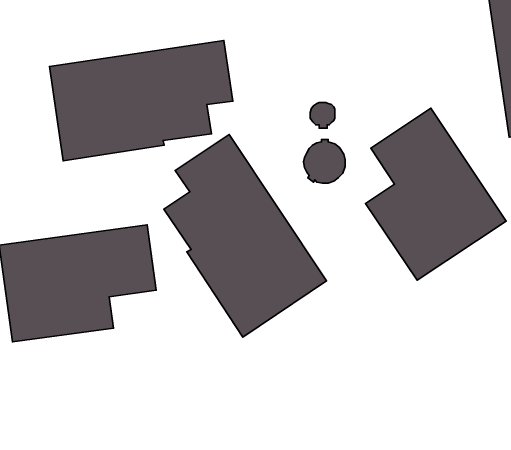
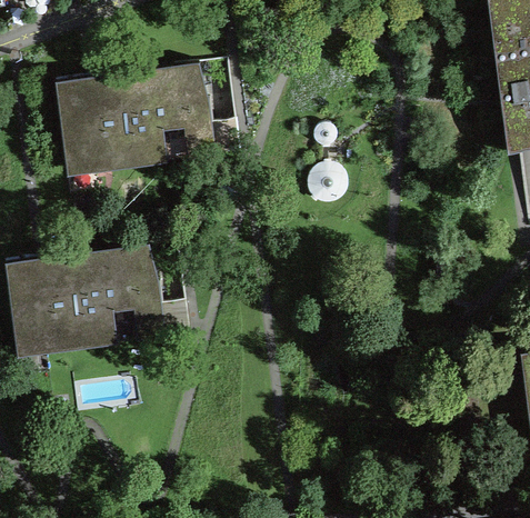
building: [366,108,506,280] -> none
building: [164,134,327,337] -> none

